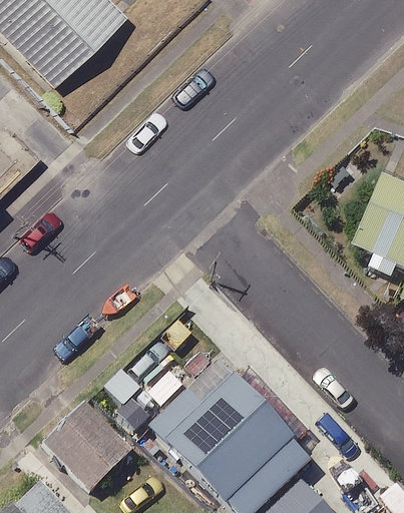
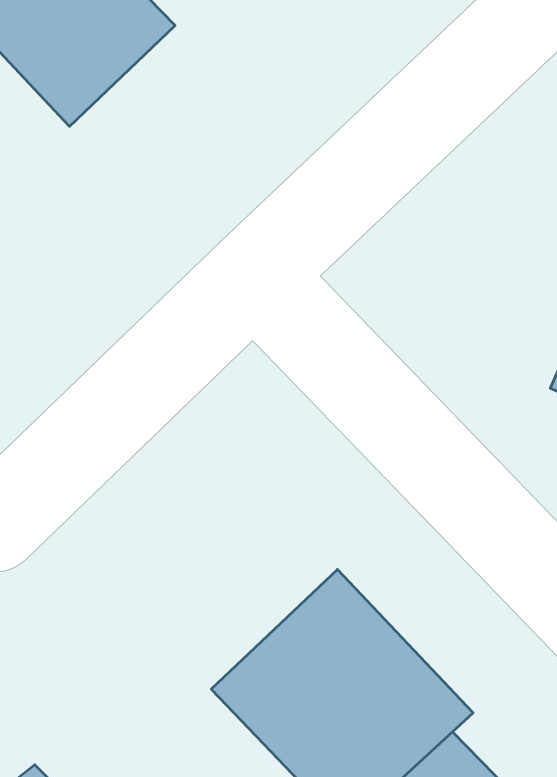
building: [48,408,130,490] -> none

